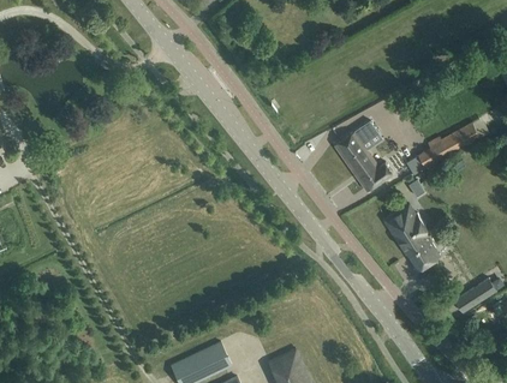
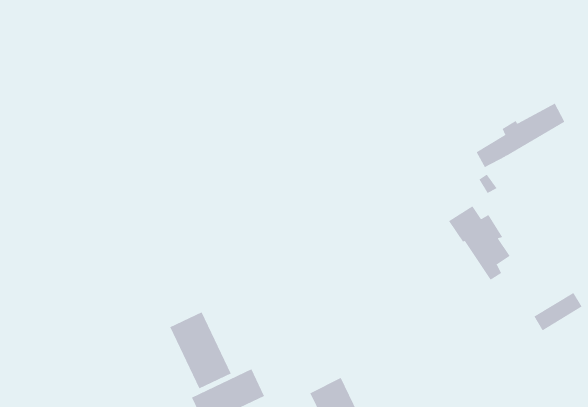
building: [334,120,393,191] -> none
building: none -> [170,312,231,389]

